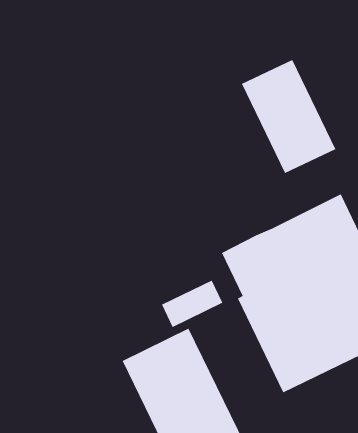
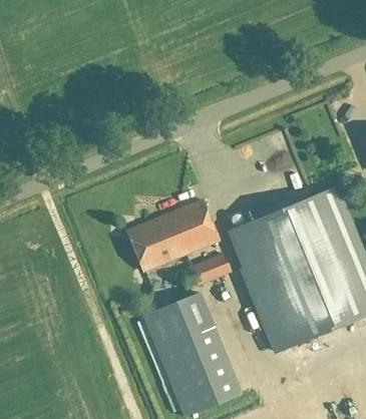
building: [241,59,336,174] -> none
building: none -> [126,199,218,272]

